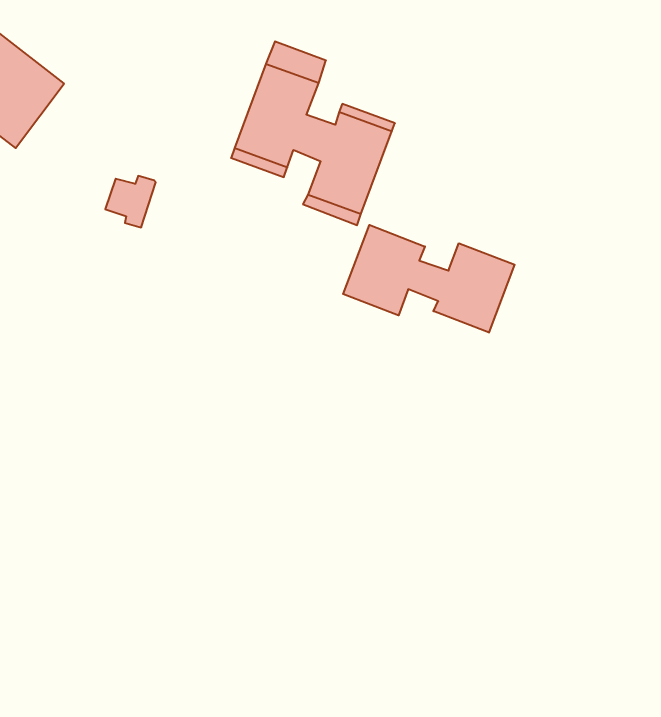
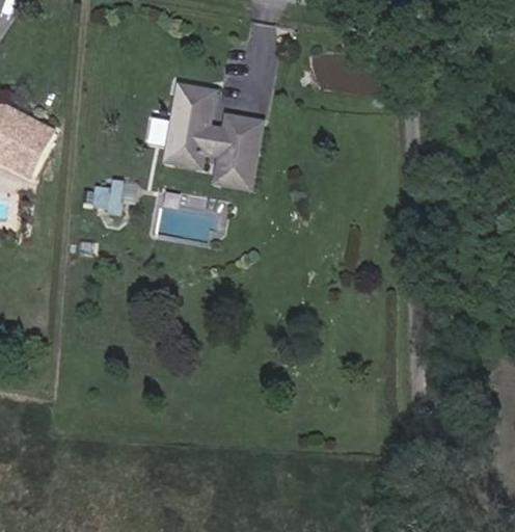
building: [343,225,515,333] -> none

